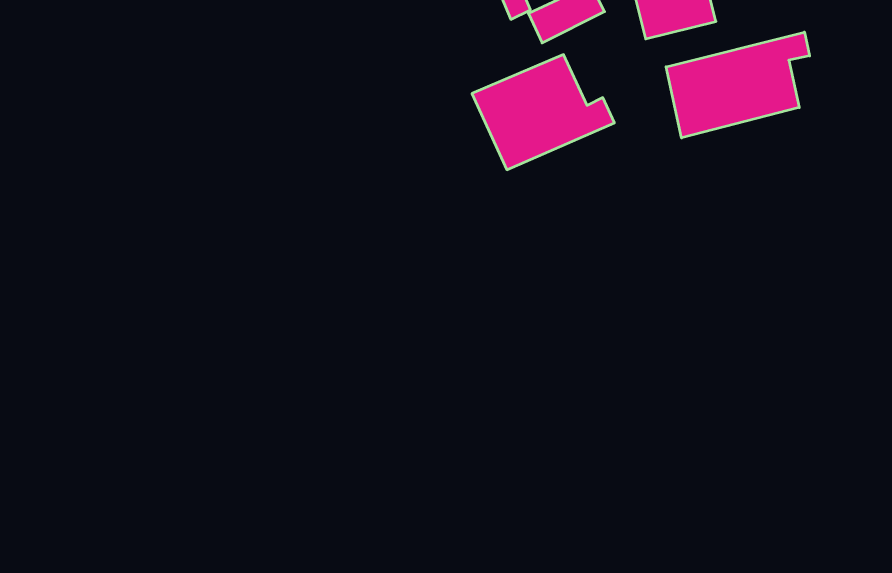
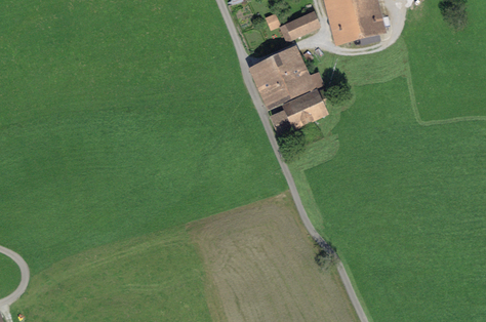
building: [666,32,810,138] -> none
building: none -> [272,93,323,132]

